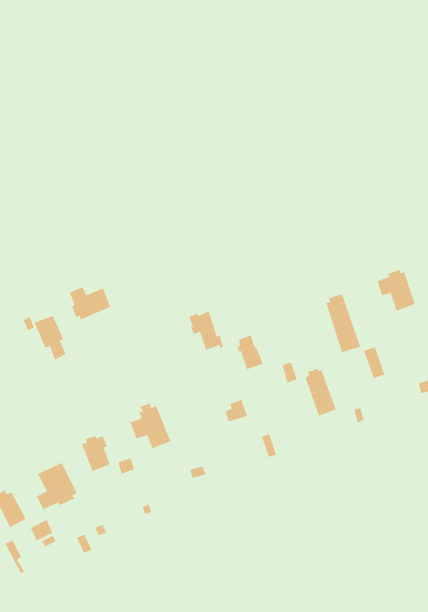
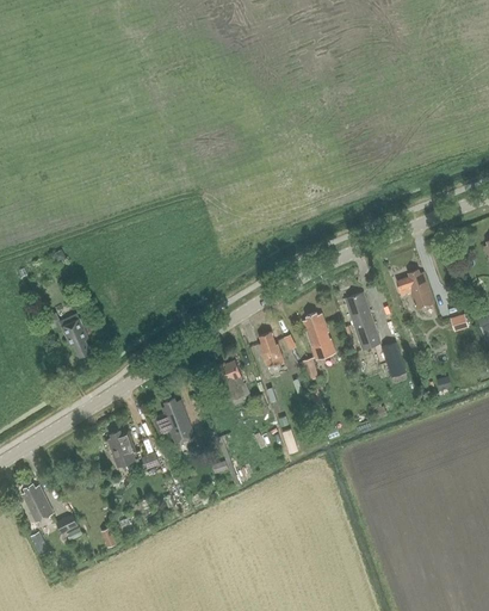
building: [69,286,111,320] -> none
building: [188,311,224,351] -> [215,359,249,399]
building: [305,368,336,417] -> [304,311,335,359]
building: [36,462,77,510] -> none

